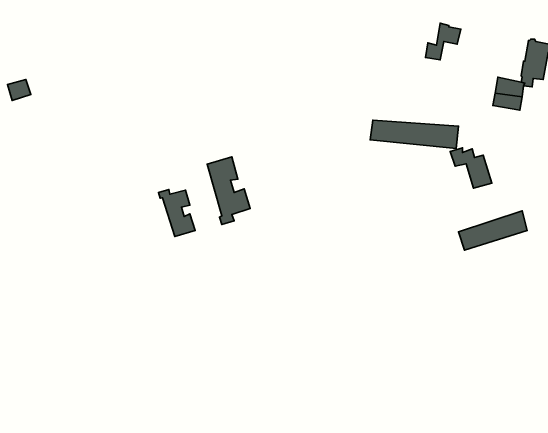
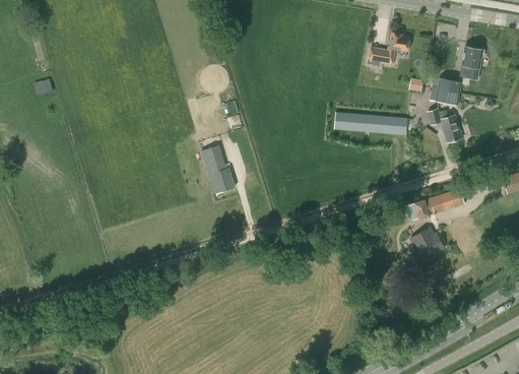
building: [450,148,492,188] -> [429,109,463,142]
building: [159,189,195,237] -> none
building: none -> [411,228,445,262]

